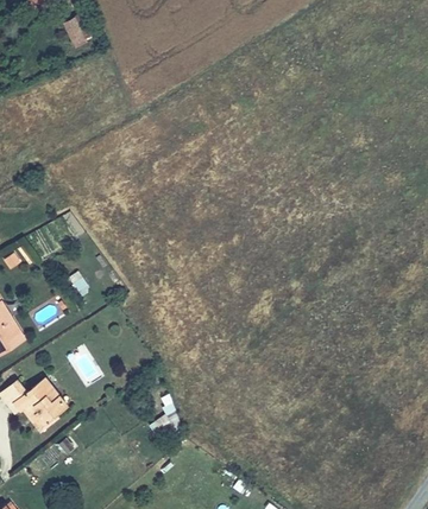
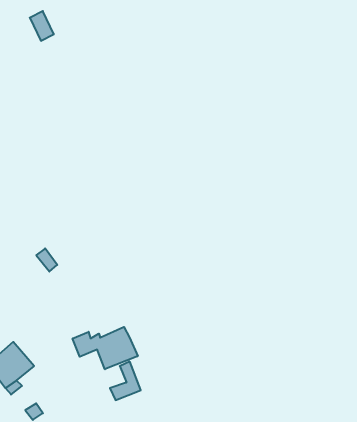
building: none -> [73,327,138,369]

